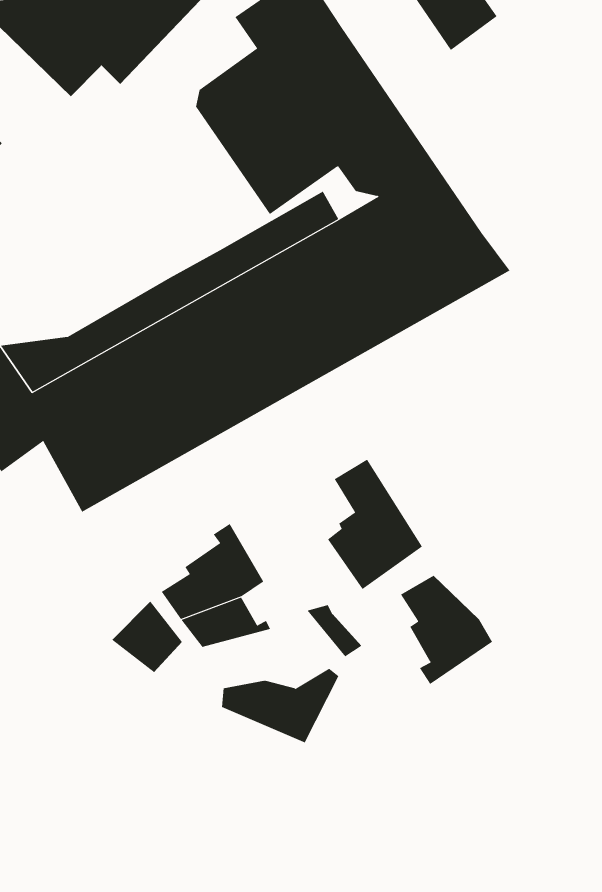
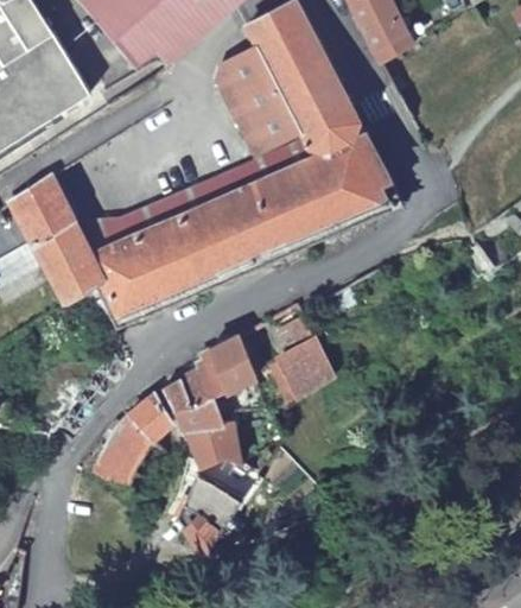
building: none -> [210,332,255,387]
building: [400,575,493,685] -> none
building: none -> [184,418,241,457]
building: none -> [93,414,152,487]
building: none -> [180,464,243,552]

